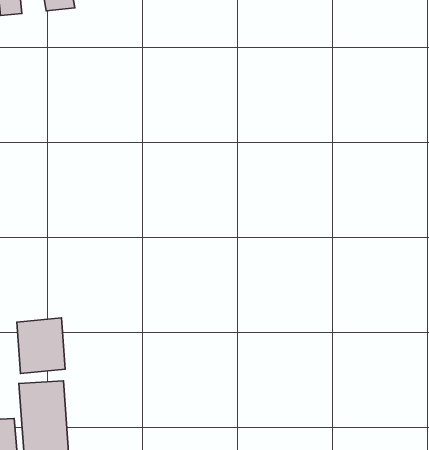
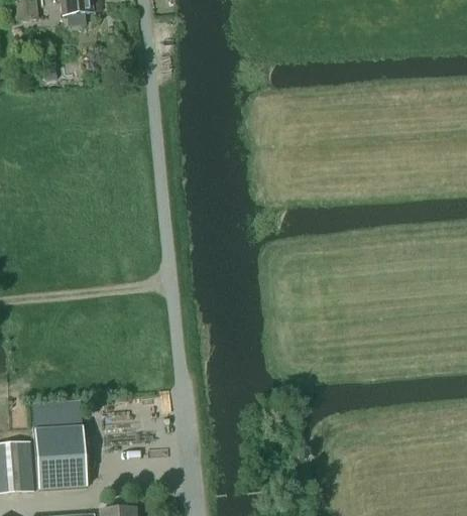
building: [17,318,65,374] -> none

